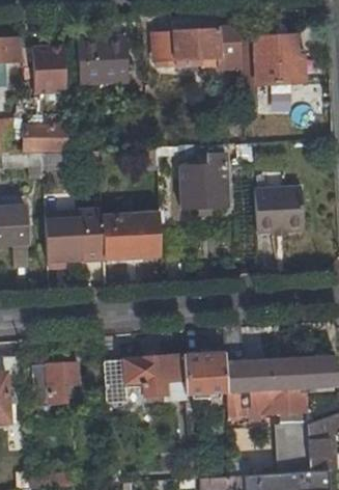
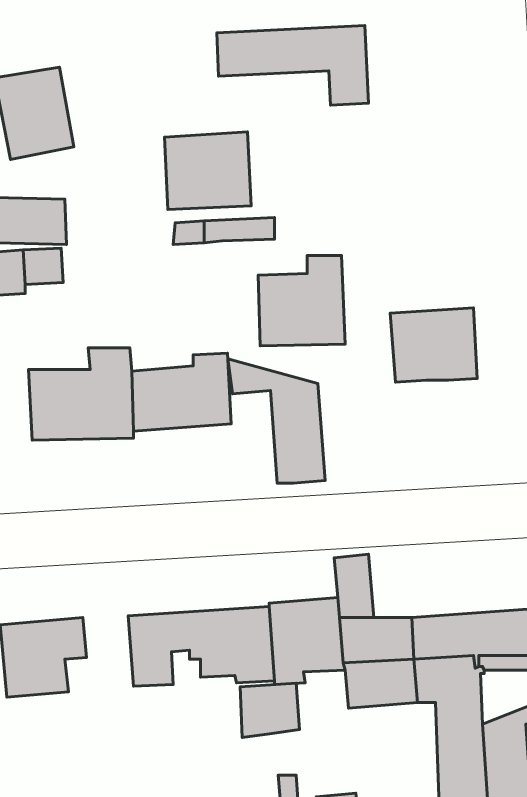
building: [255,36,303,85] -> none
building: [76,37,125,82] -> [164,132,251,210]
building: none -> [228,359,325,483]
building: none -> [240,683,299,737]

